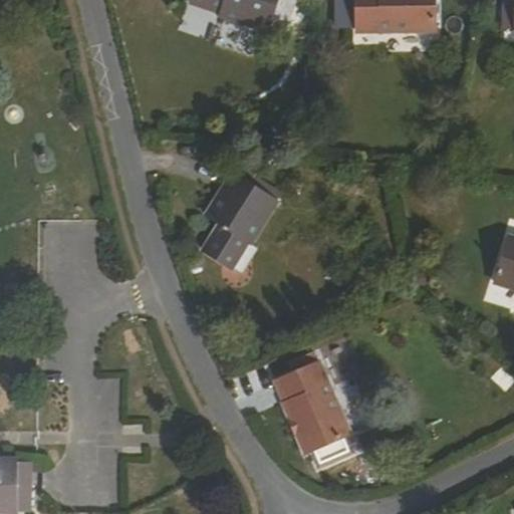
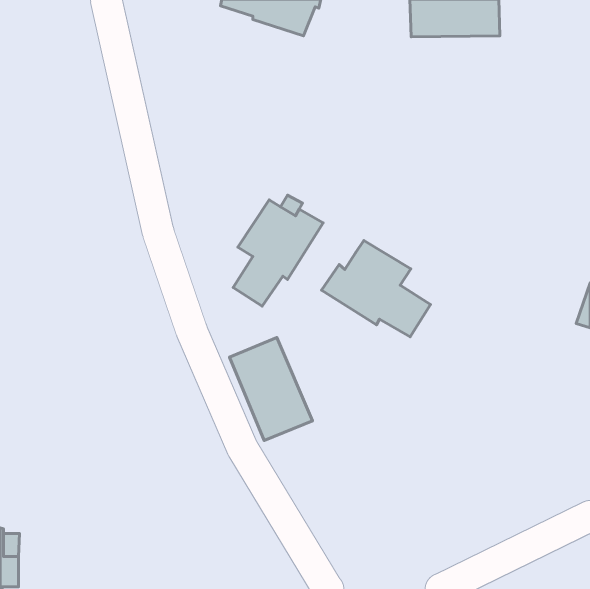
building: none -> [322,241,430,337]
building: [277,364,349,454] -> [229,338,313,440]

